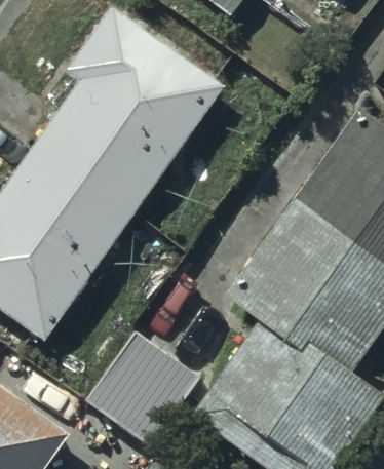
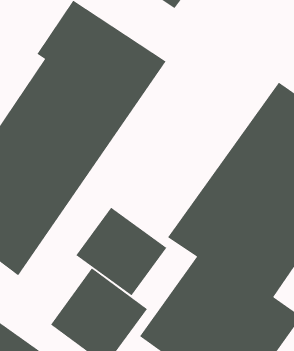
building: none -> [76,207,167,296]

